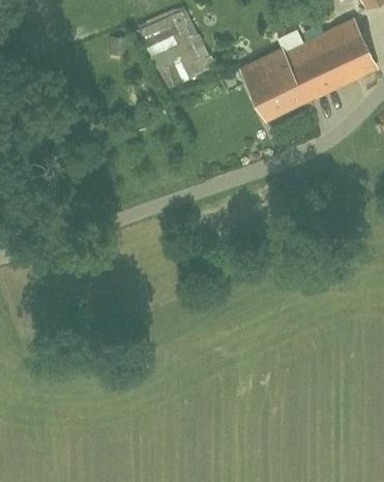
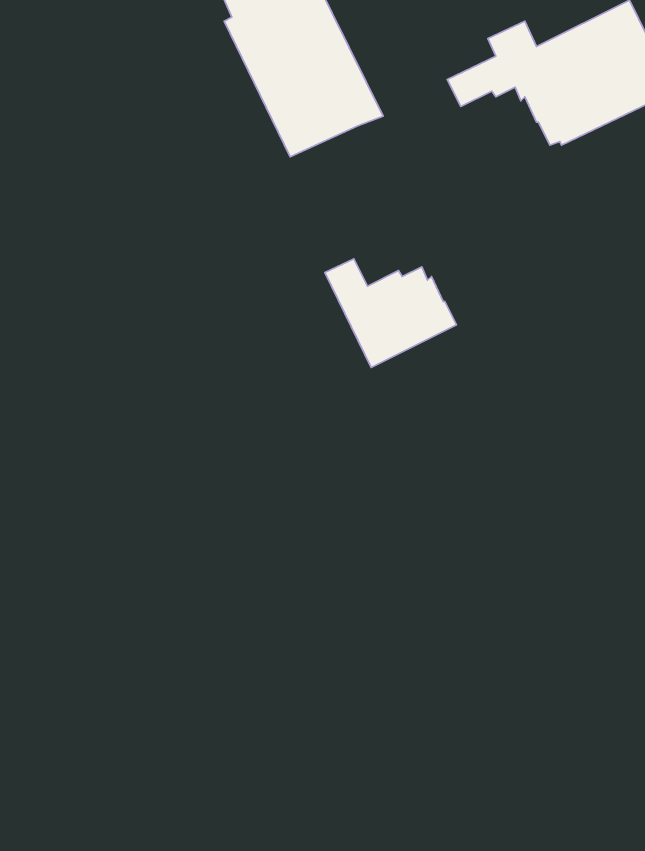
building: [241,62,312,120] -> [325,259,457,368]

